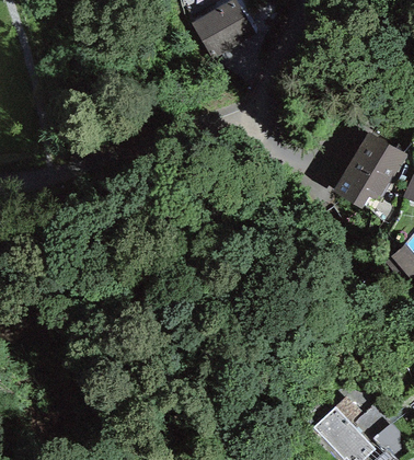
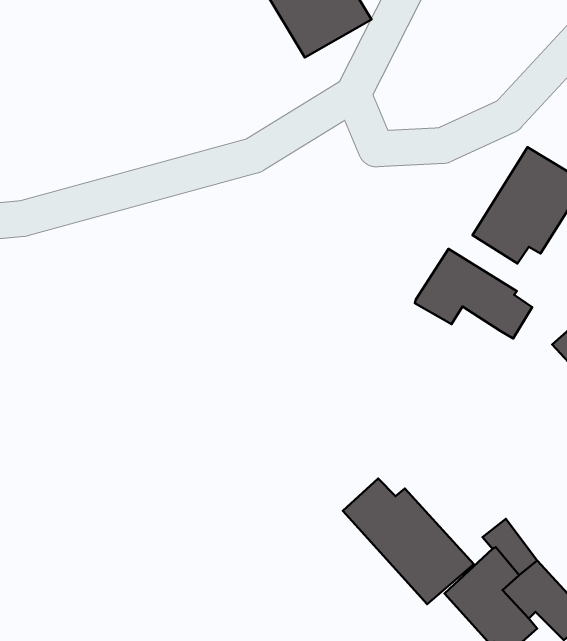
building: none -> [415,249,532,338]
building: none -> [343,479,474,604]

